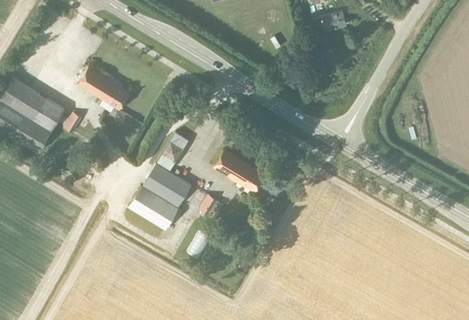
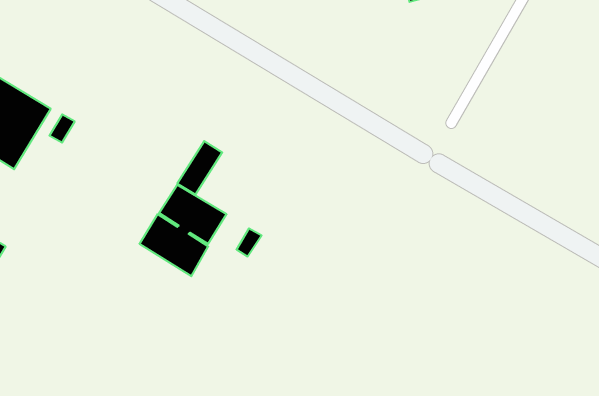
building: [80,66,131,108] -> none
building: [214,149,266,191] -> none

